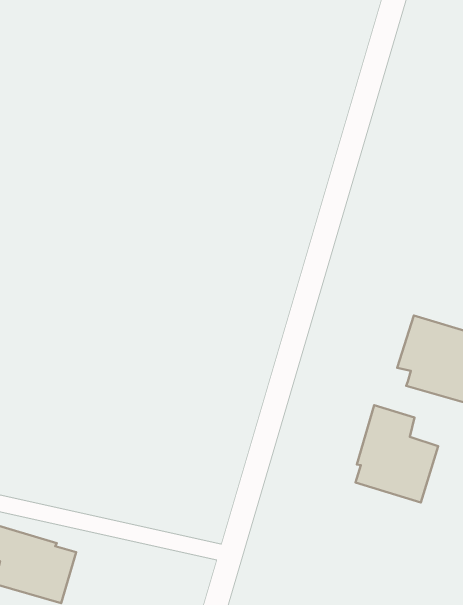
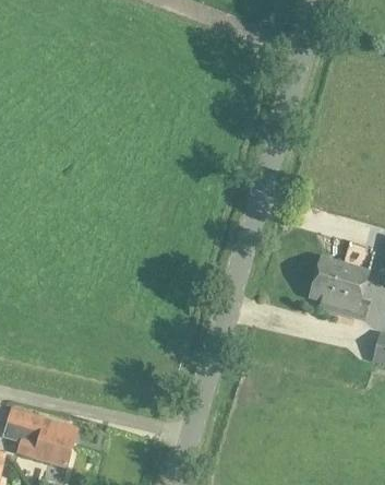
building: [355,405,438,502] -> none

